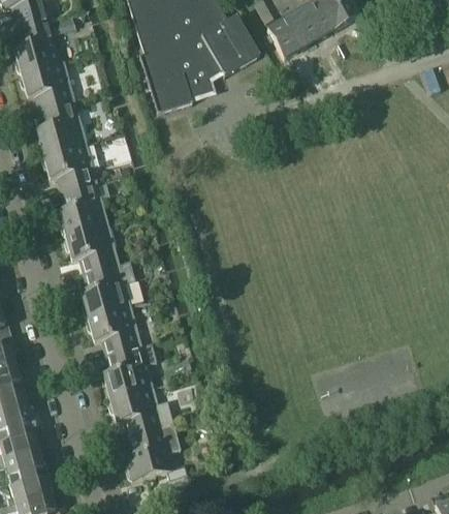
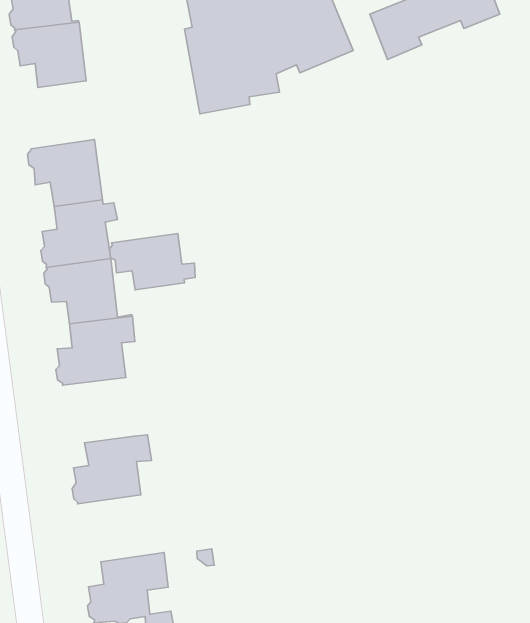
building: [35,100,86,153] -> none
building: none -> [109,234,195,290]
building: [85,304,141,354] -> none
building: [107,385,173,435] -> none

